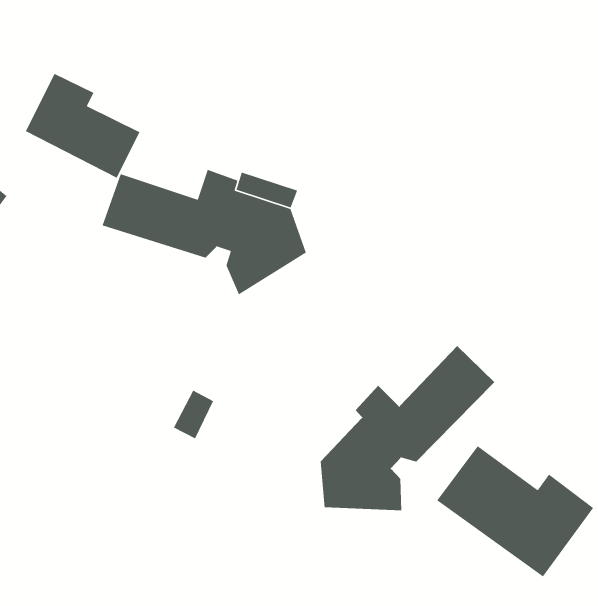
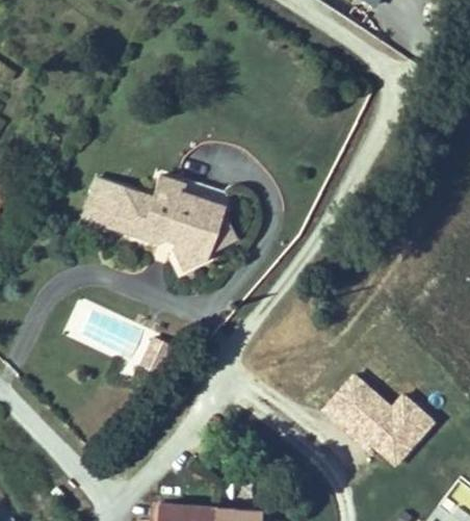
building: [25,73,140,179] -> none
building: [320,345,495,511] -> none

